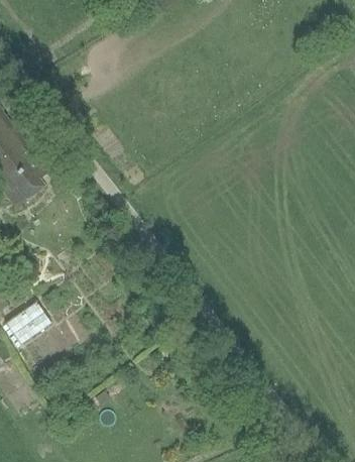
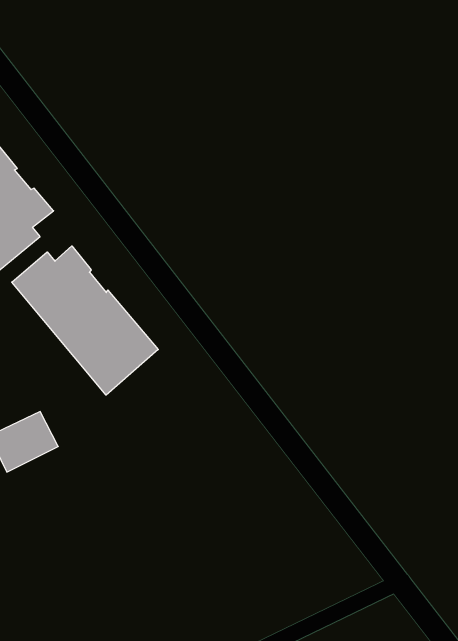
building: none -> [12,246,158,395]

